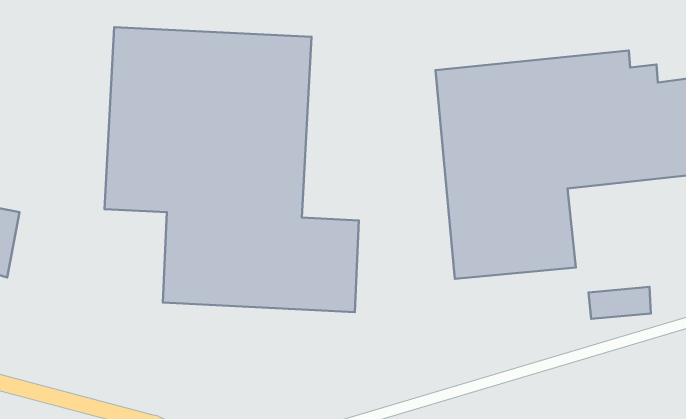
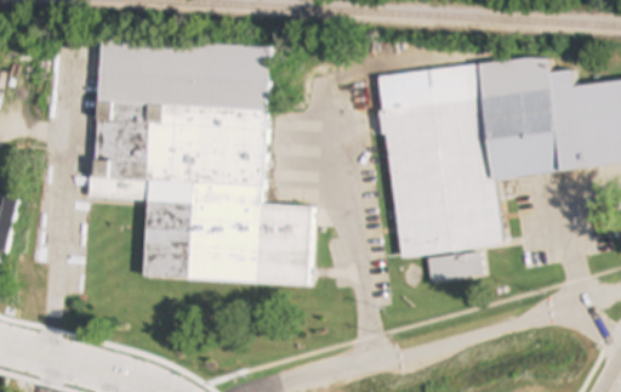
building: [588,287,651,319] -> [428,254,483,282]

